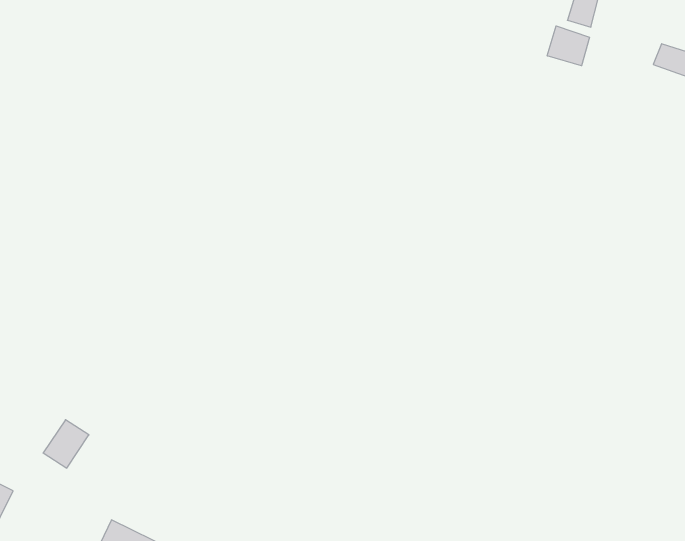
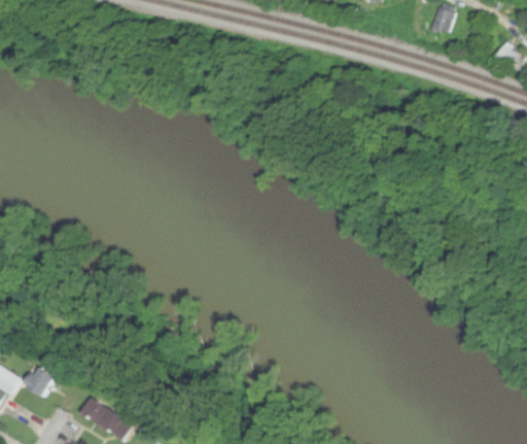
building: [547,26,590,66] -> none
building: [43,420,89,468] -> [25,360,59,396]

